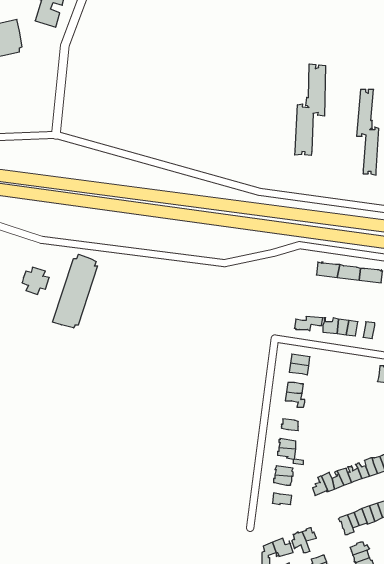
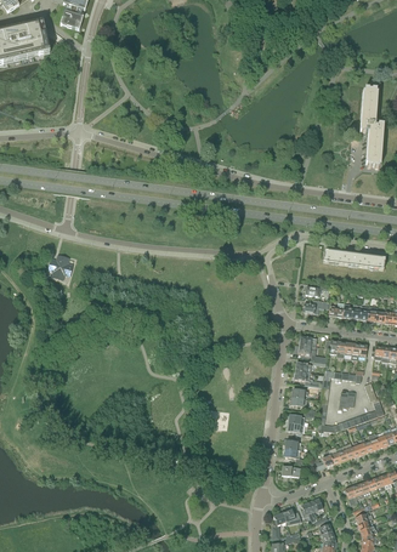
building: [295,64,326,155] -> none
building: [52,254,98,328] -> none

